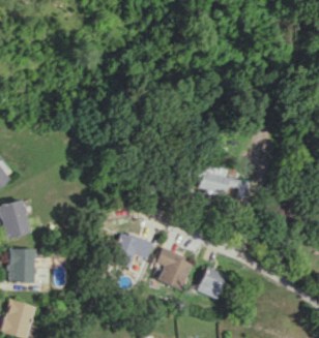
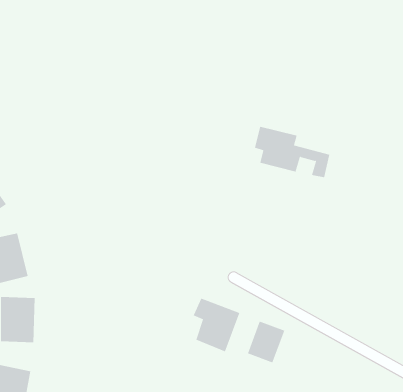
building: [192,161,250,201] -> [254,126,330,178]
building: [109,232,152,275] -> none

